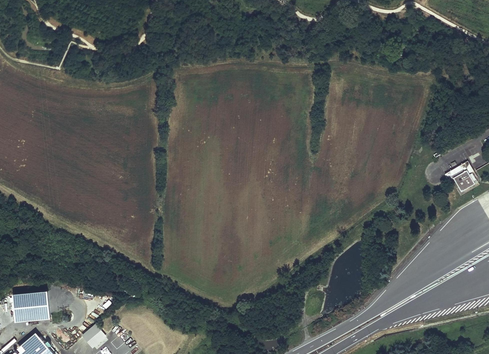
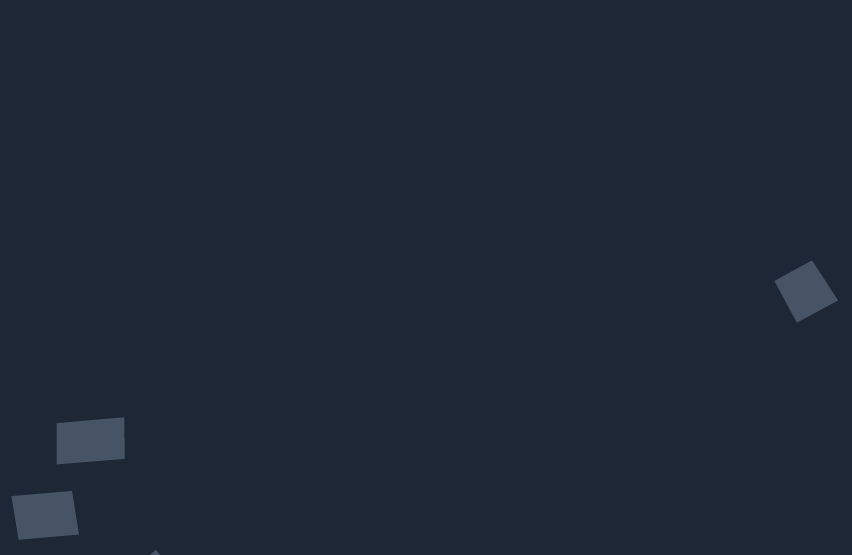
building: none -> [56,416,125,465]

